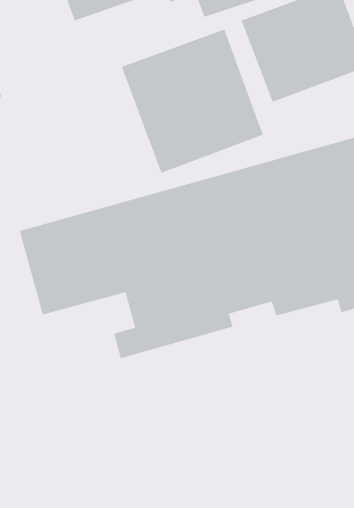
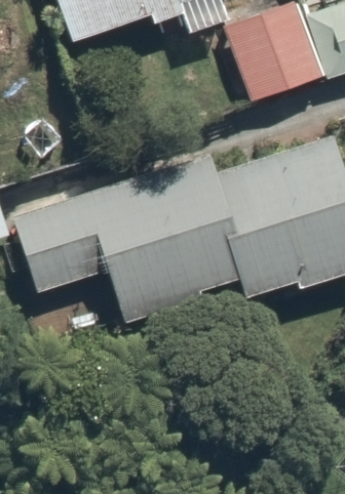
building: [121,29,264,174] -> none

